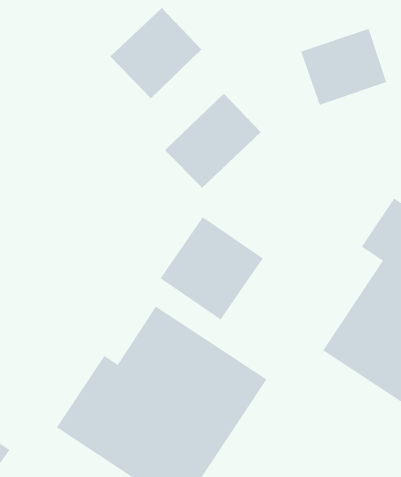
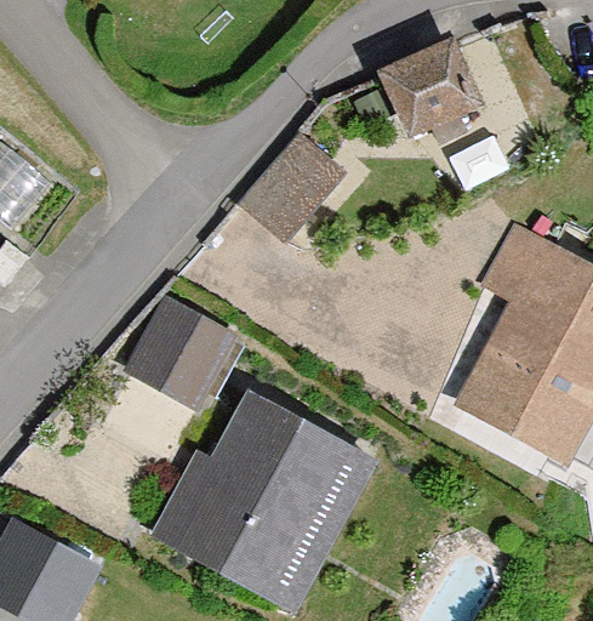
building: [110,7,202,99] -> none
building: [160,216,264,320] -> [124,295,239,410]

